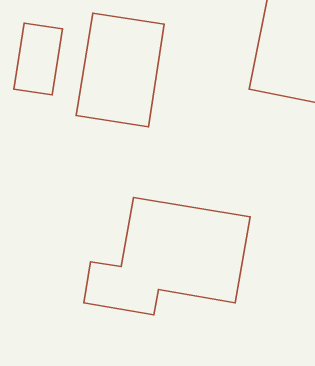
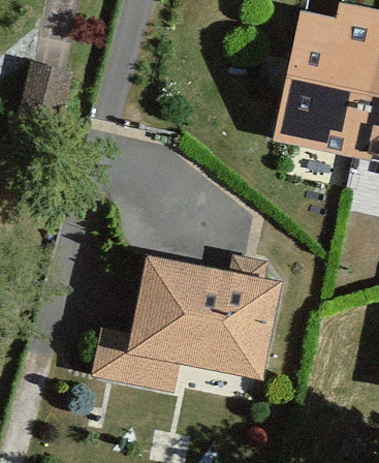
building: [76,13,164,127] -> none

